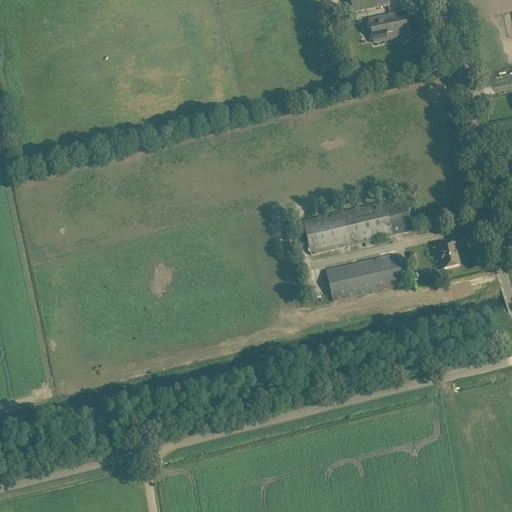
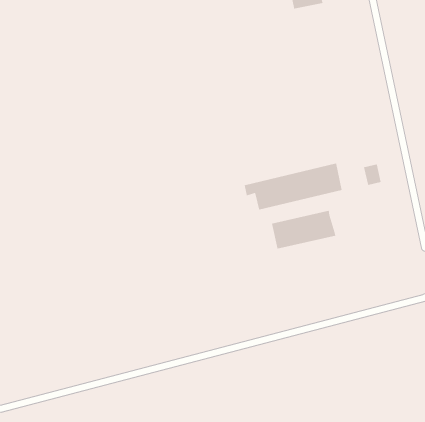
building: [369,13,409,40] -> none
building: [438,242,460,268] -> [363,164,382,186]

